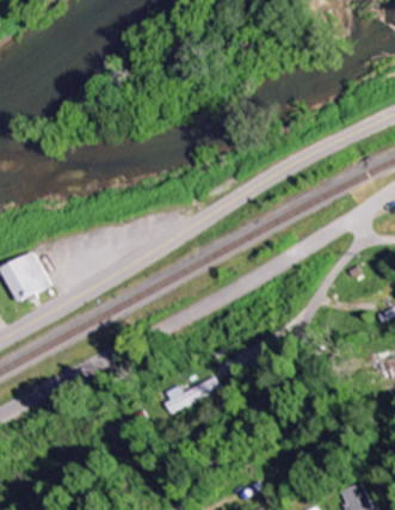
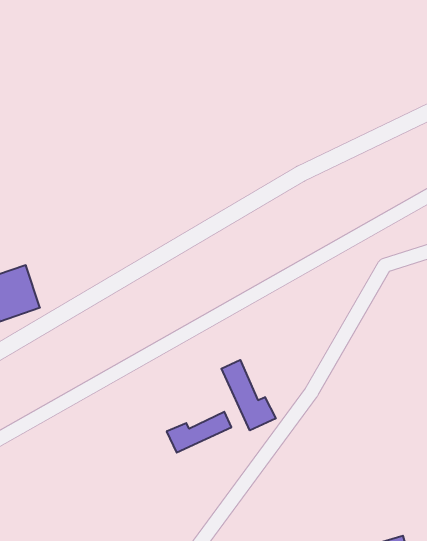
building: none -> [221,360,276,430]

